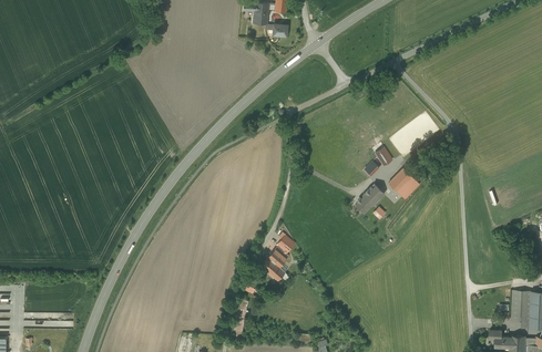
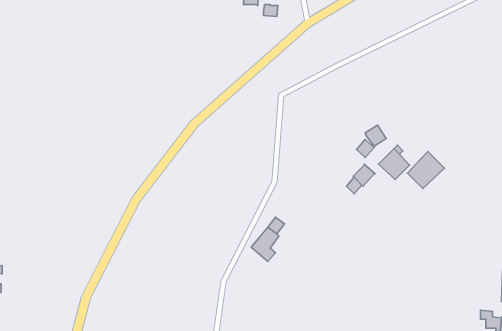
building: none -> [408,152,444,188]

